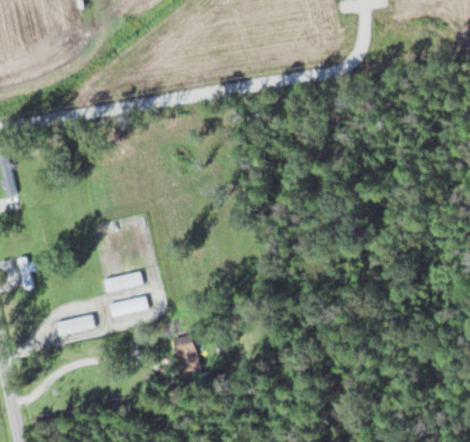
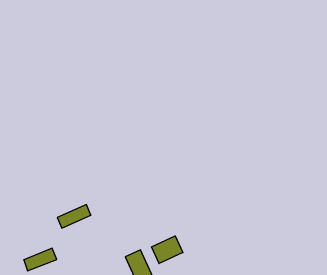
building: [108,296,148,317] -> none
building: none -> [151,236,183,264]

